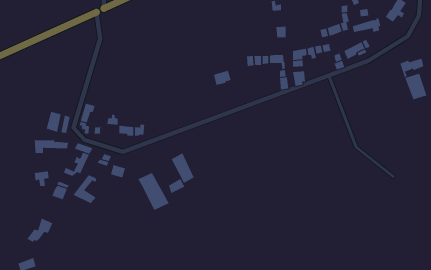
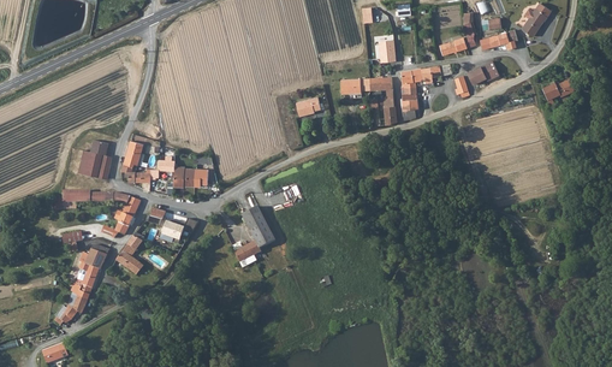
building: [404,73,427,100] -> none
building: [138,172,169,211] -> none
building: none -> [71,251,99,298]

